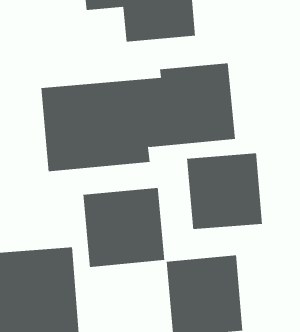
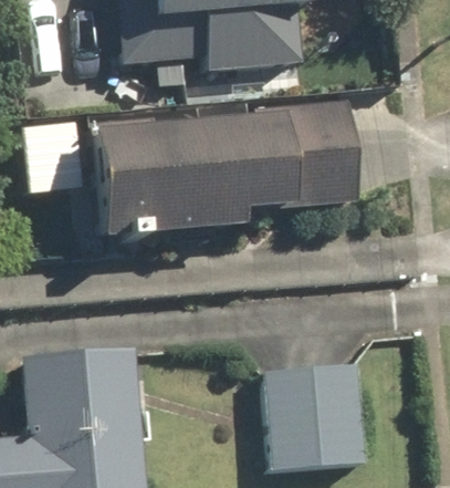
building: [187,152,263,230] -> none
building: [83,187,165,268] -> none

